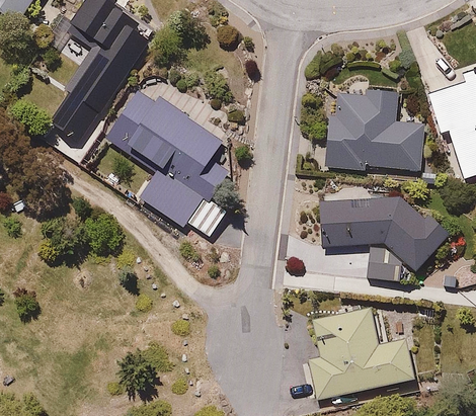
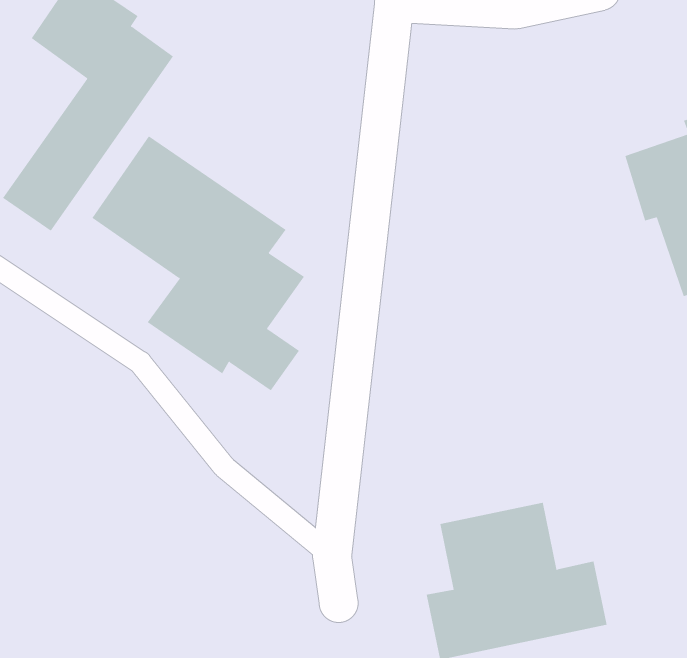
building: [323,89,423,170] -> none
building: [319,193,450,282] -> none

